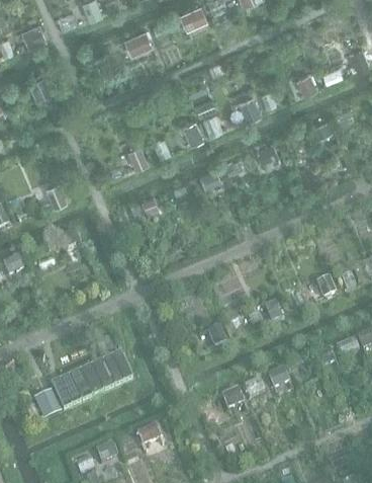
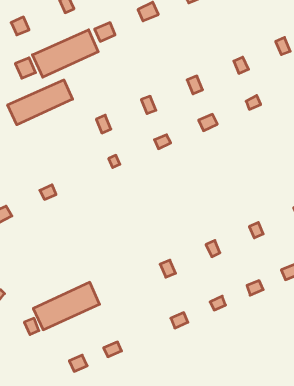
building: none -> [32,30,98,77]
building: none -> [8,80,73,125]

